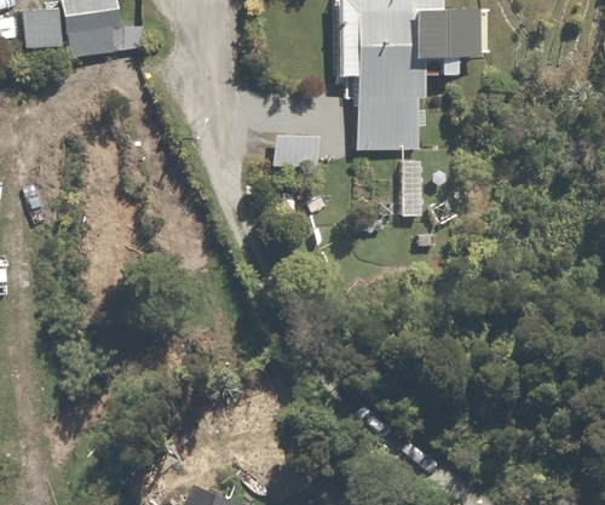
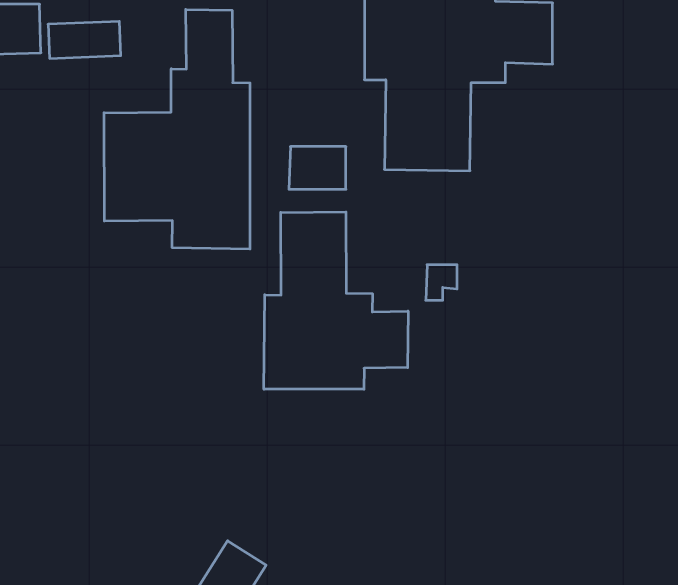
building: none -> [104,9,250,249]
building: none -> [264,212,408,389]

